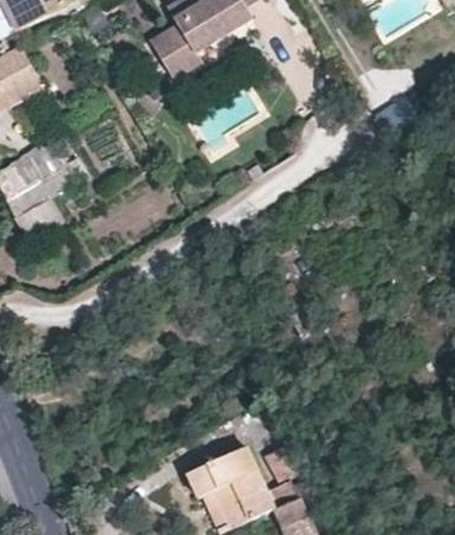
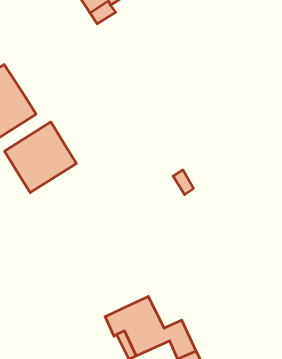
building: none -> [5,122,76,193]

